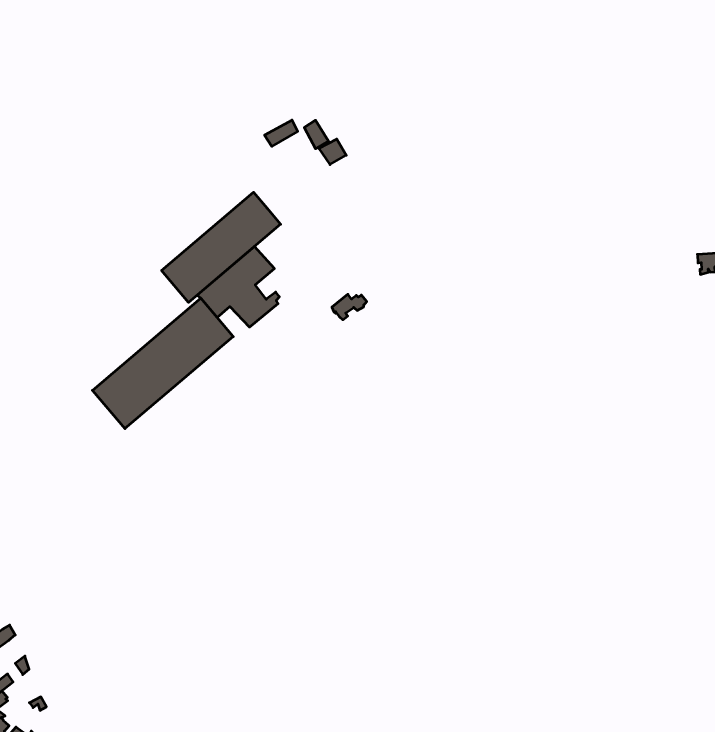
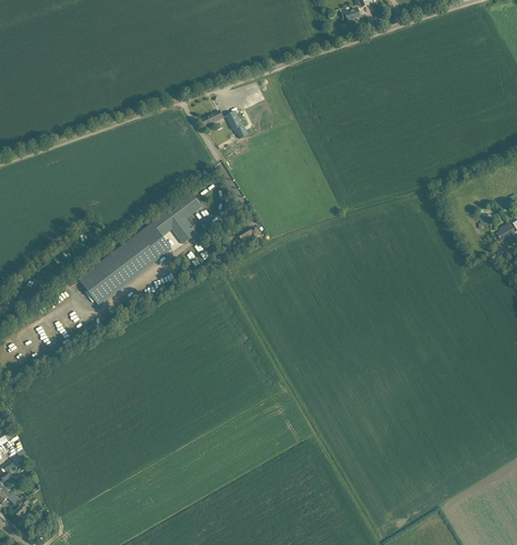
building: [162,192,281,302] -> none

